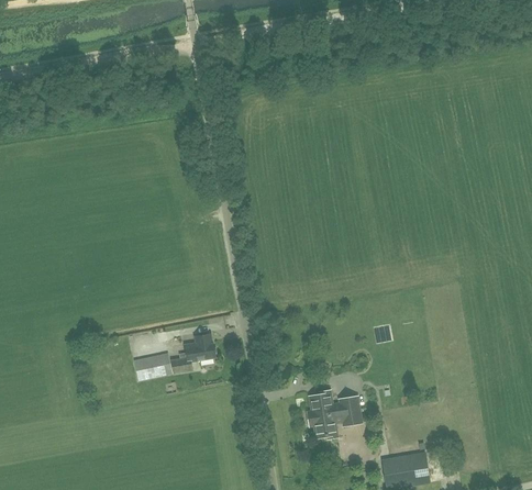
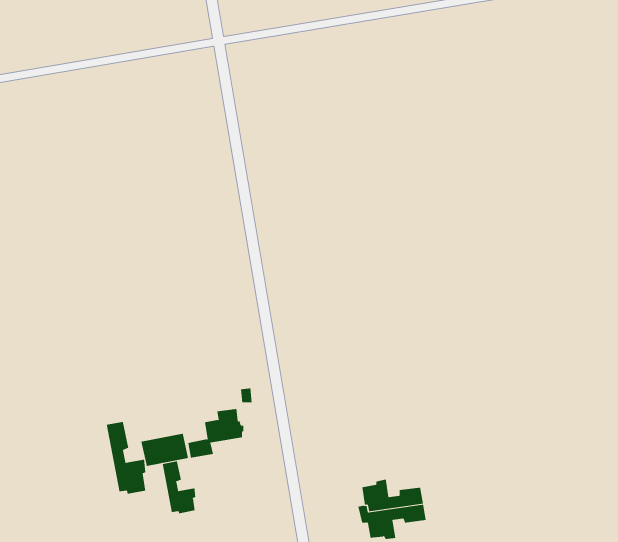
building: none -> [106,421,146,494]
building: none -> [162,461,196,514]

